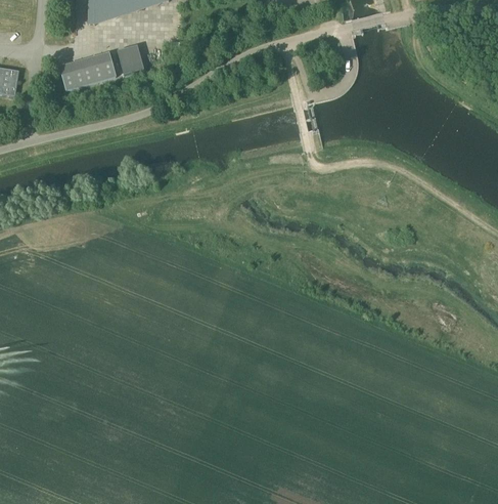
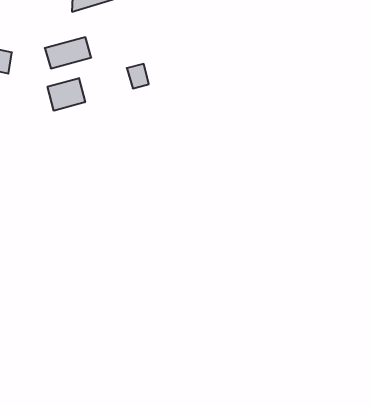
building: [117,45,143,75] -> [127,64,149,88]
building: none -> [48,78,85,111]

